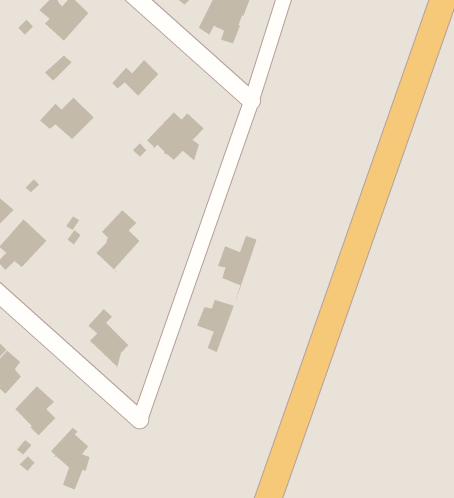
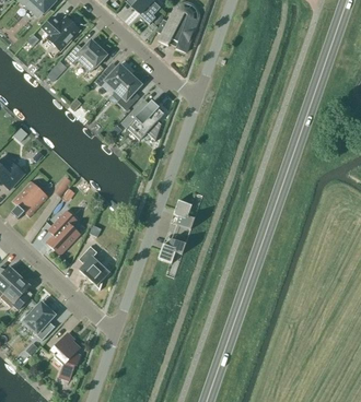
building: none -> [115,73,141,109]
building: [39,97,94,140] -> [66,39,106,71]
building: [95,210,140,275] -> [46,210,79,258]

